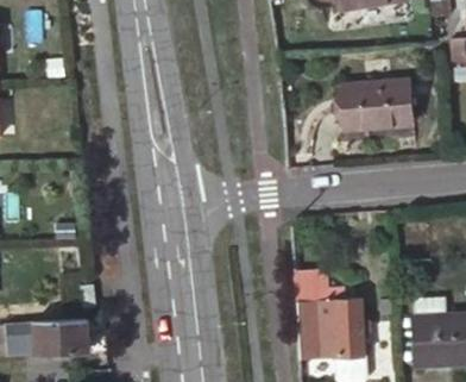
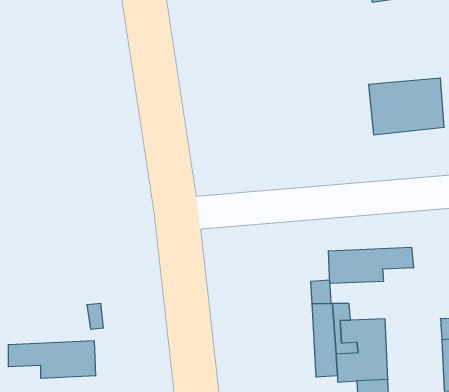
building: none -> [328,247,413,284]

